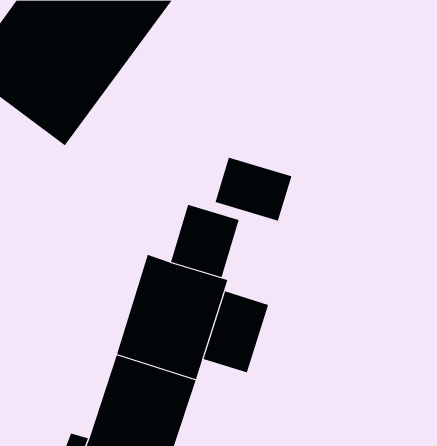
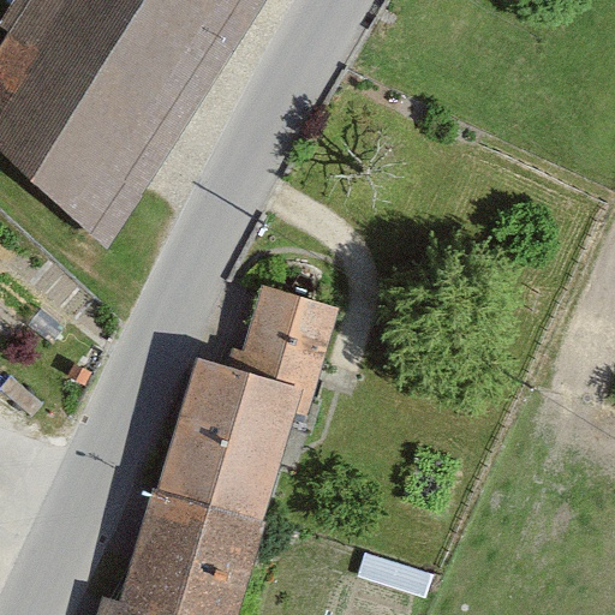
building: [215,157,292,222] -> none
building: [203,291,269,373] -> none

